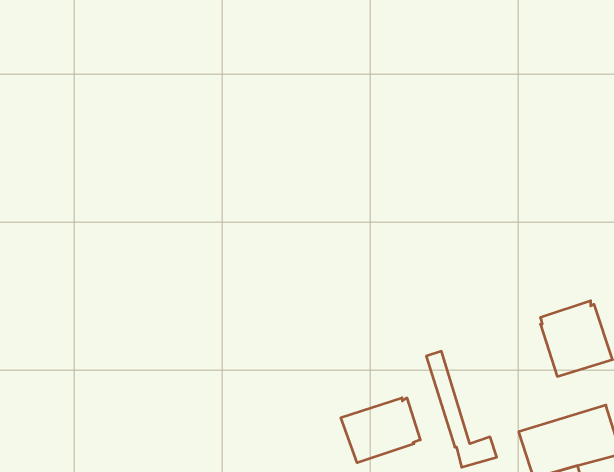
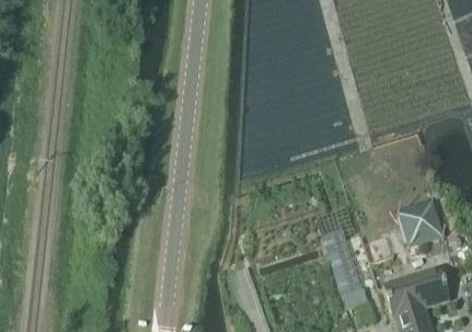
building: [341,398,420,463] -> none

